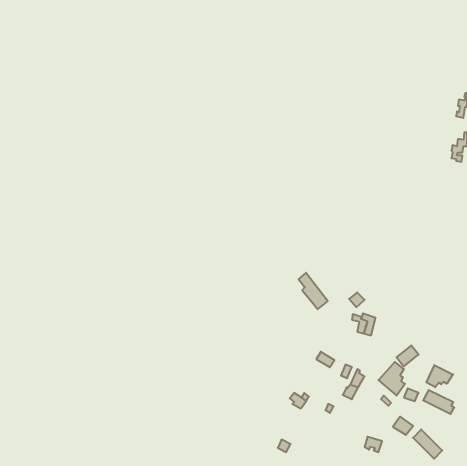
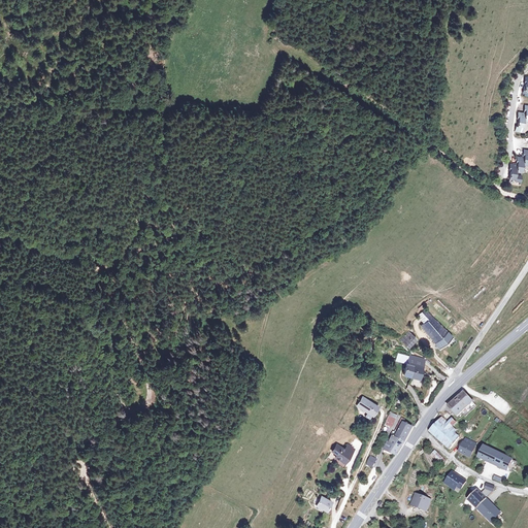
building: [299,273,328,309] -> [418,307,451,349]
building: [426,365,453,387] -> none

